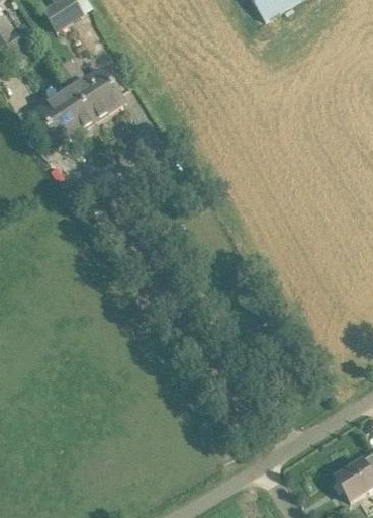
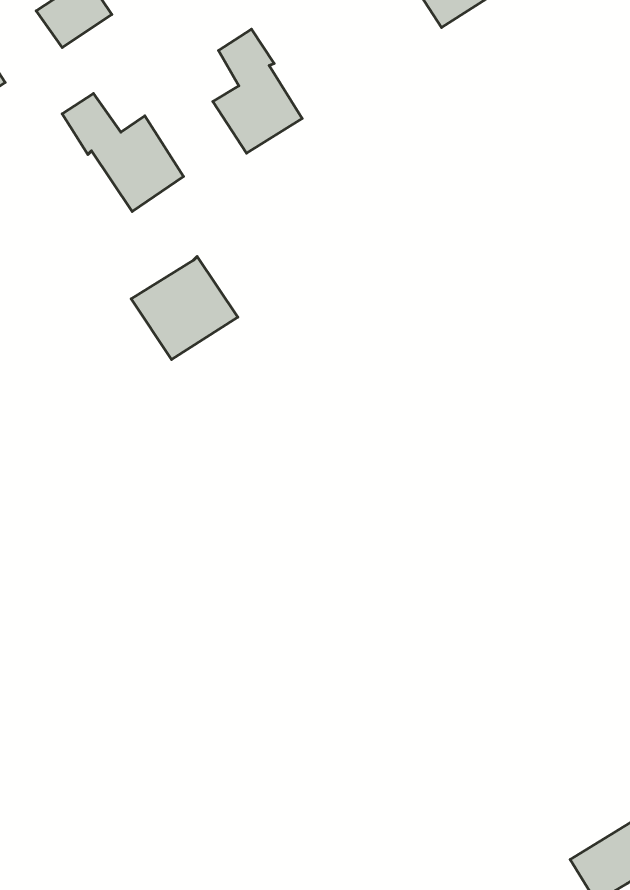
building: none -> [213,29,302,153]
building: [36,86,95,143] -> [131,257,238,360]

